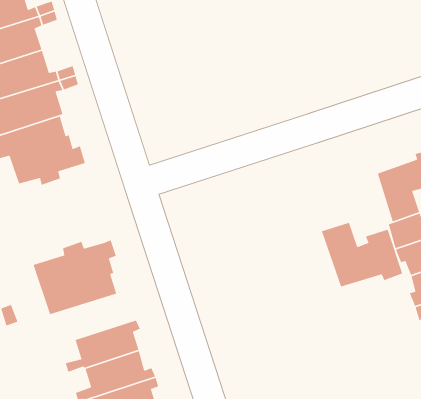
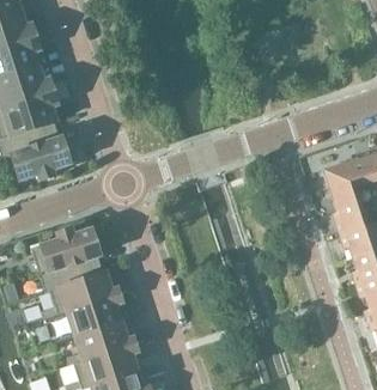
building: [321,222,403,287] -> none
building: none -> [42,272,120,318]

